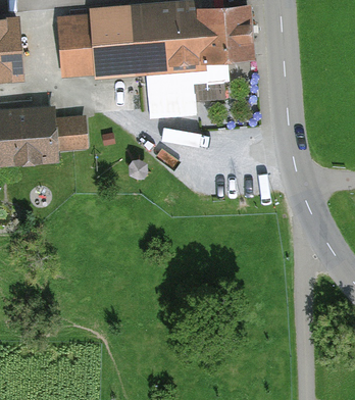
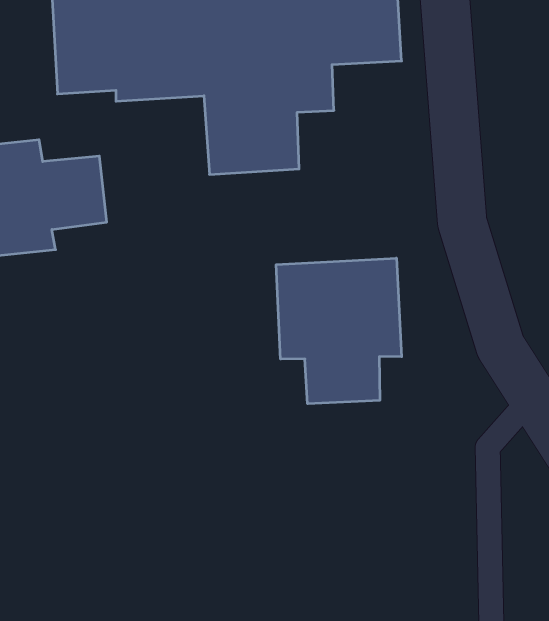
building: none -> [276,258,402,404]

